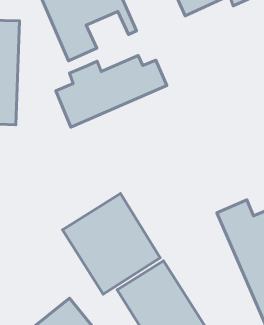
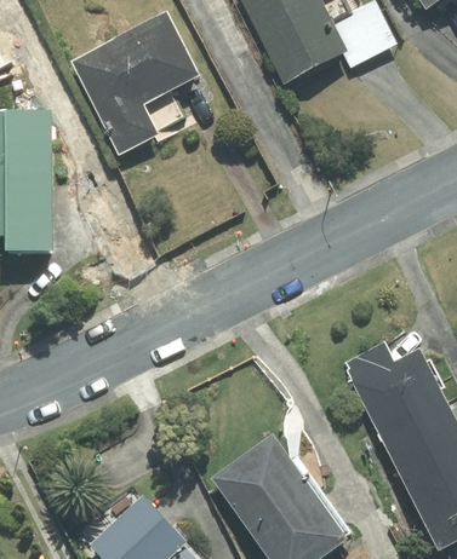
building: [56,55,167,127] -> none
building: [63,194,160,294] -> none

